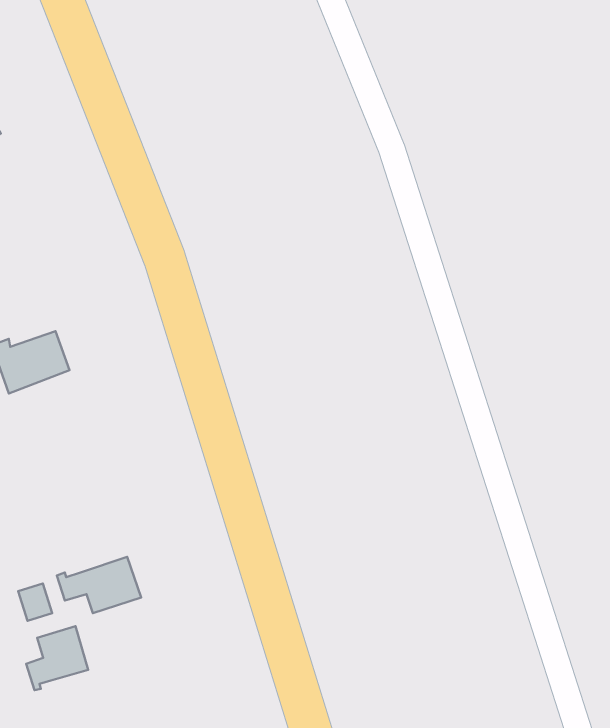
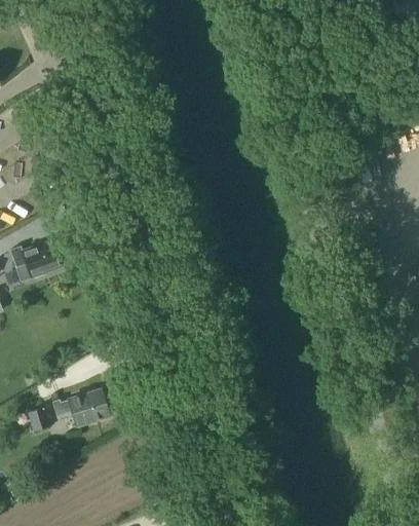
building: [26,626,88,690] -> none

